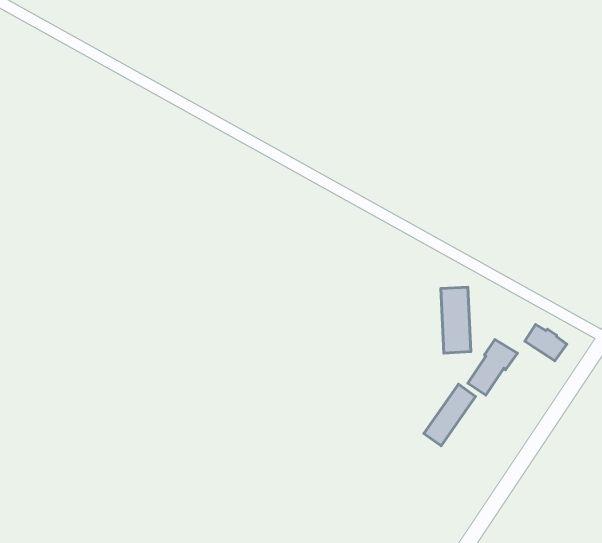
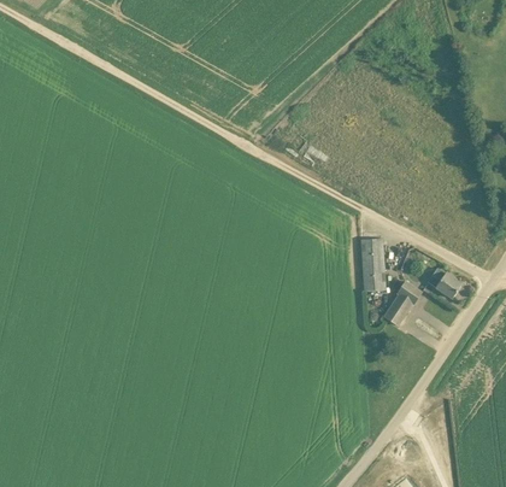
building: [424,384,476,446] -> none

